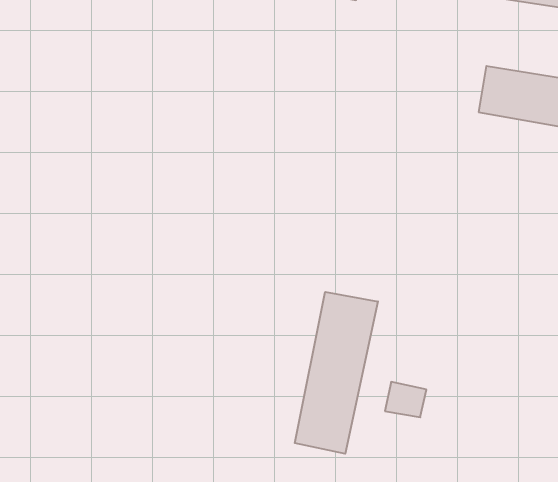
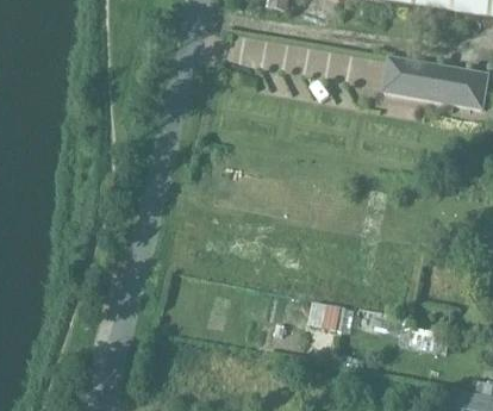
building: [295,292,378,454] -> none

